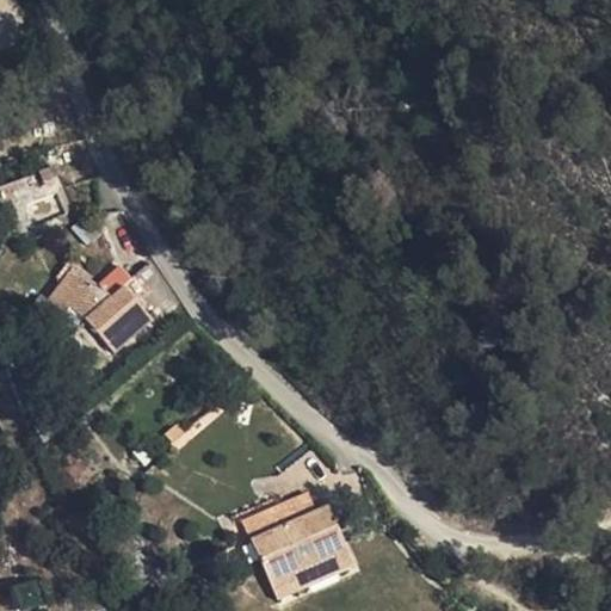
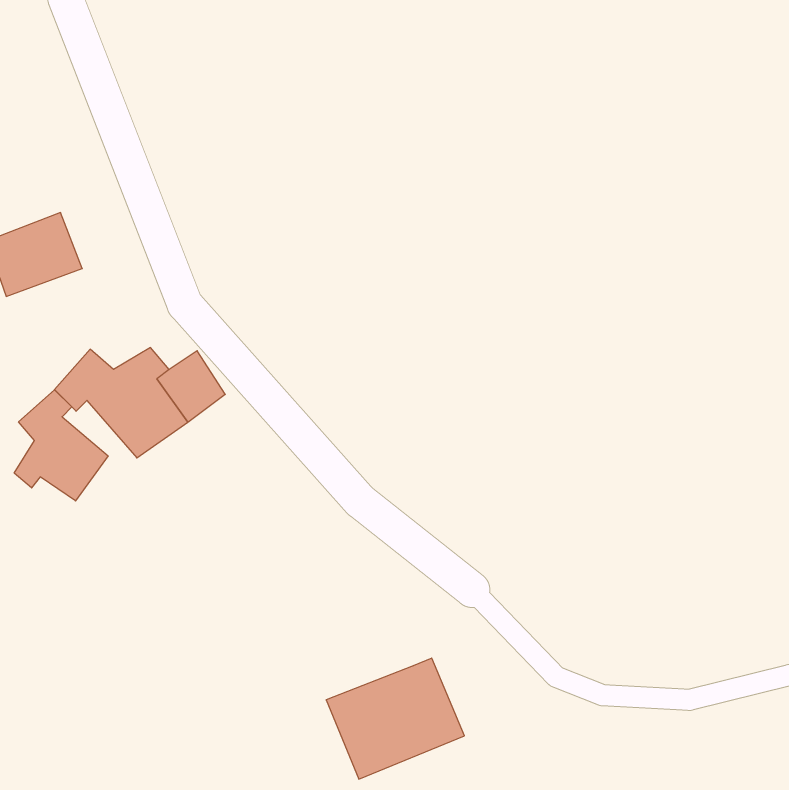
building: none -> [14,390,108,501]
building: [242,489,317,538] -> none

